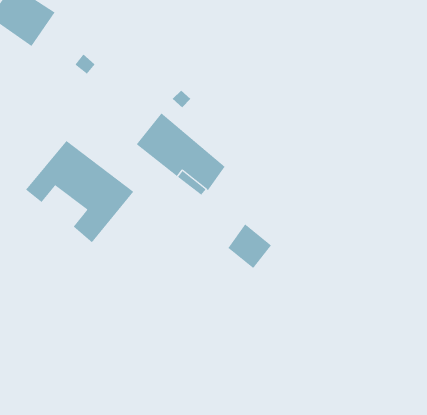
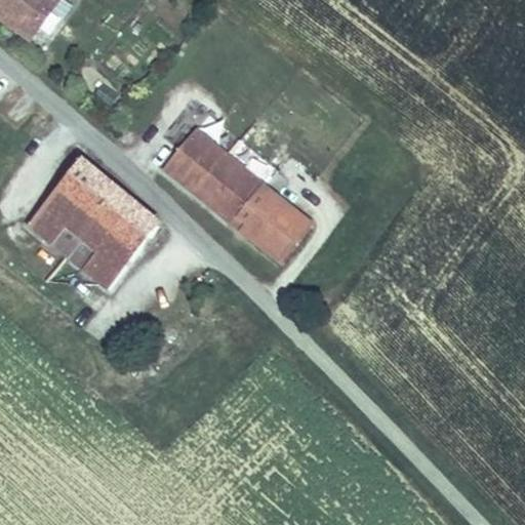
building: none -> [51,228,106,277]
building: [227,224,272,269] -> [254,204,309,259]

